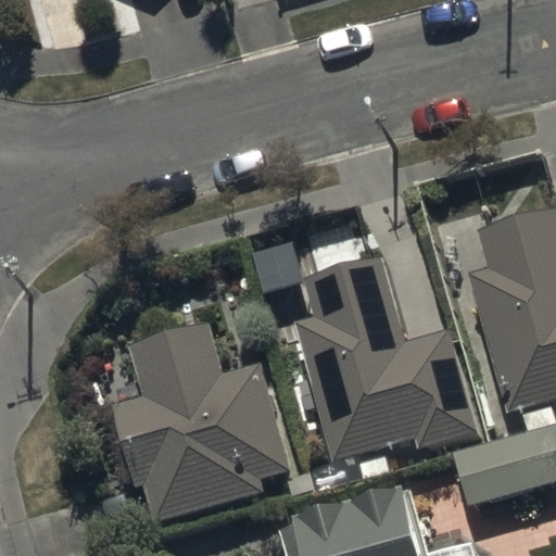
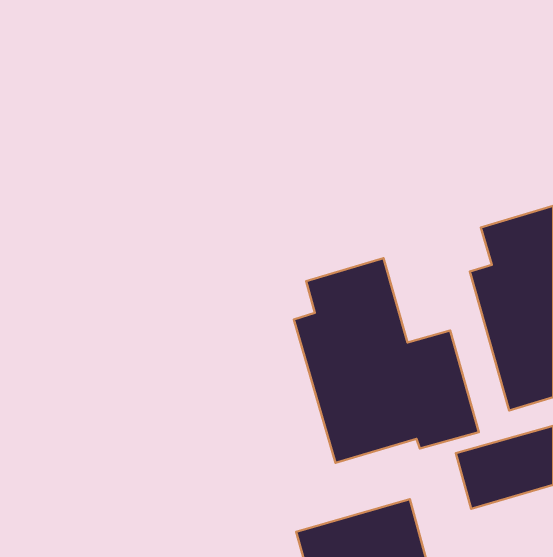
building: [114,319,291,519] -> none

